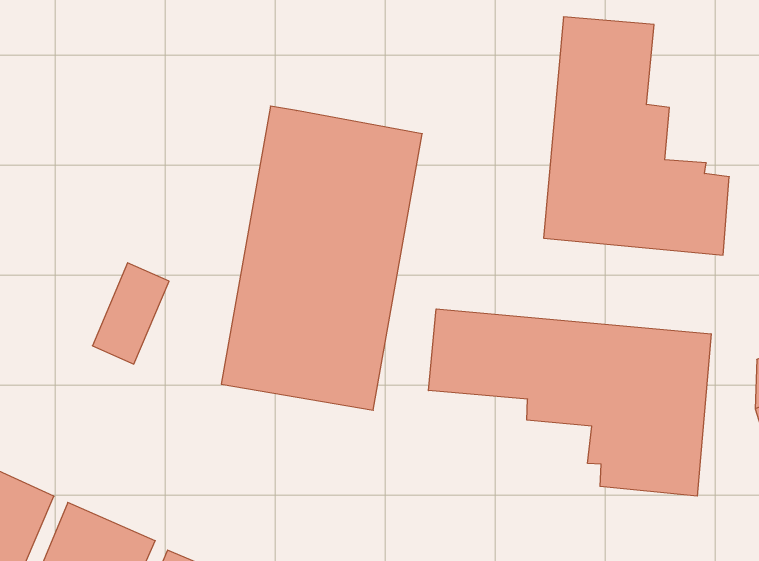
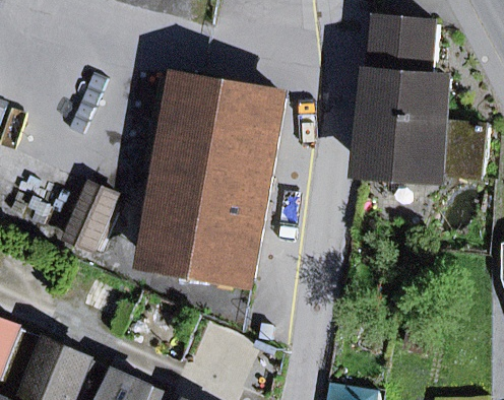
building: [428,309,711,496] -> none

